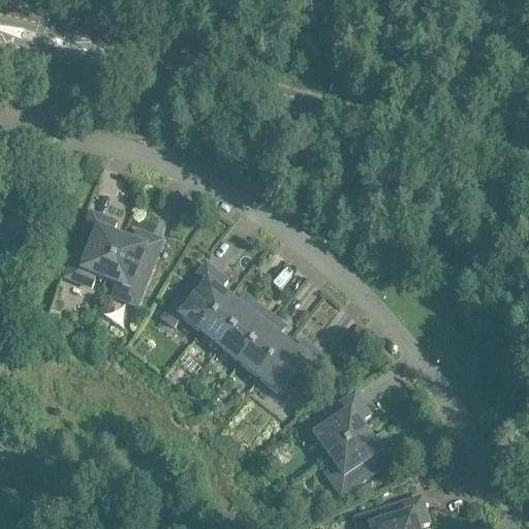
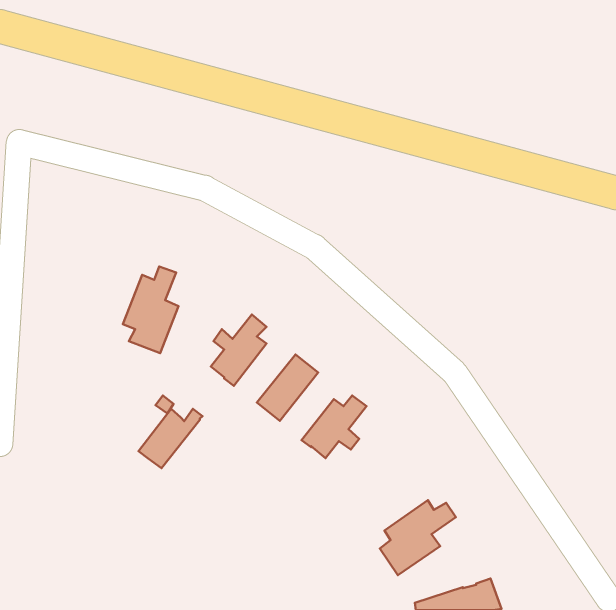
building: [66,215,122,285] -> none
building: [200,294,255,345] -> [139,409,202,468]
building: [240,317,286,377] -> none
building: [312,401,371,455] -> none

